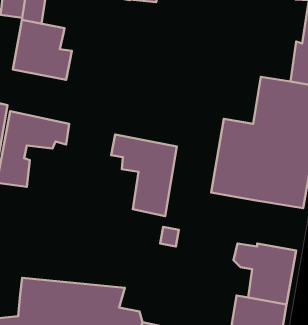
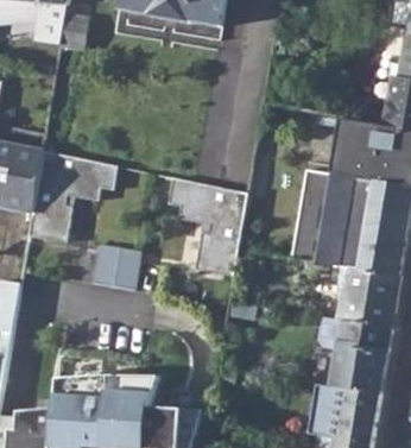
building: [13,20,72,80] -> none
building: none -> [94,242,140,286]
building: none -> [336,266,397,327]

